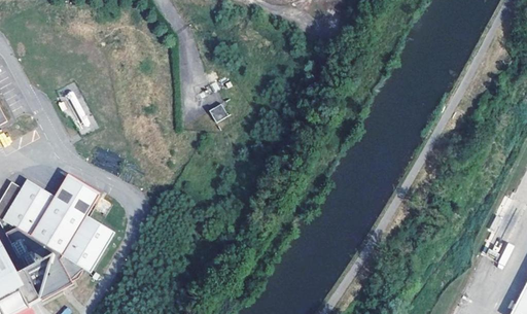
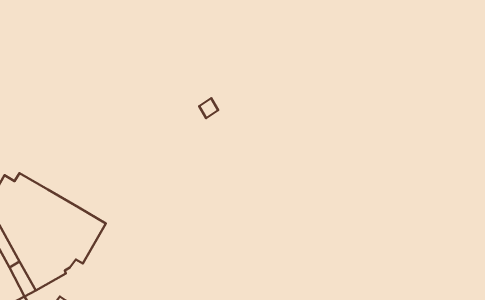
building: [52,176,96,215] -> none

